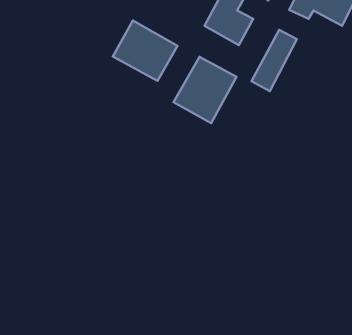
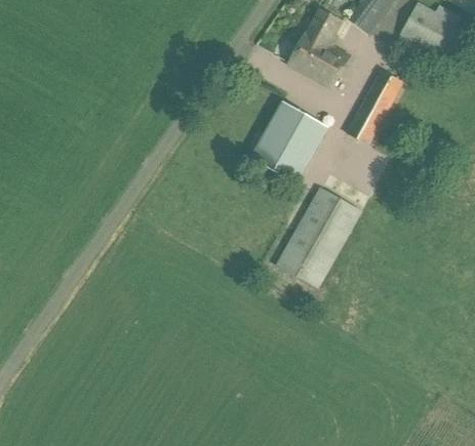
building: [113,20,177,81] -> none
building: none -> [278,186,349,278]

